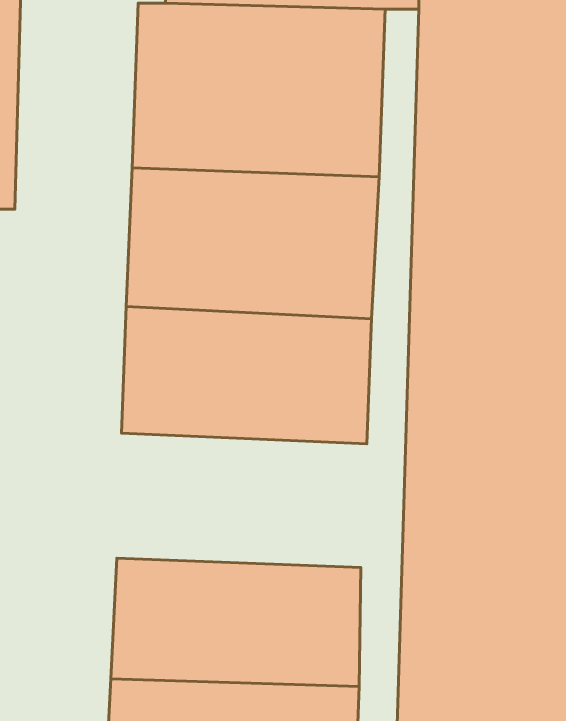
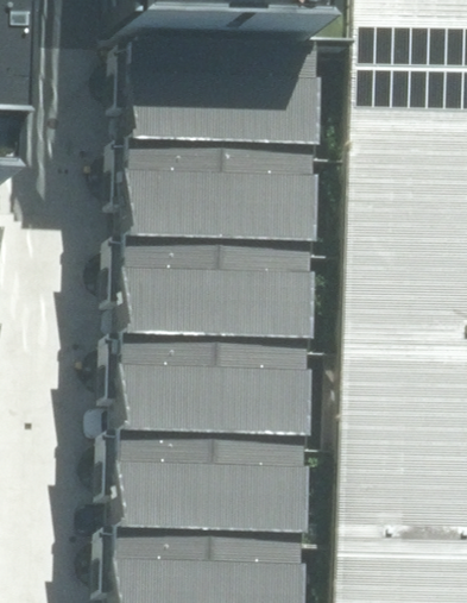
building: none -> [115,346,310,451]

